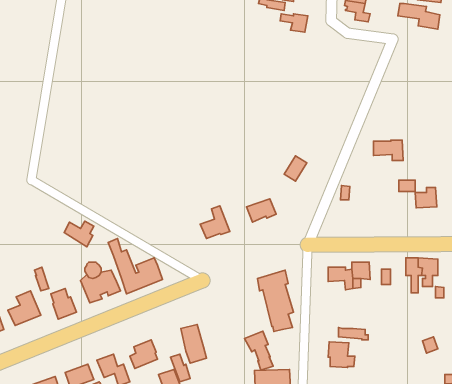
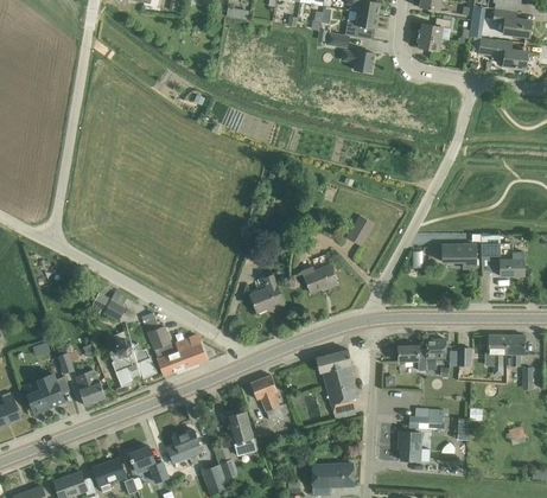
building: [374,140,403,160] -> [441,244,476,268]
building: [245,331,273,370] -> [249,375,282,420]

